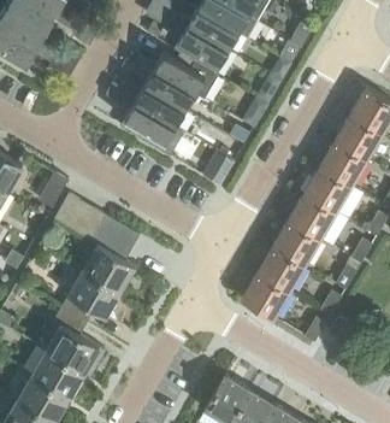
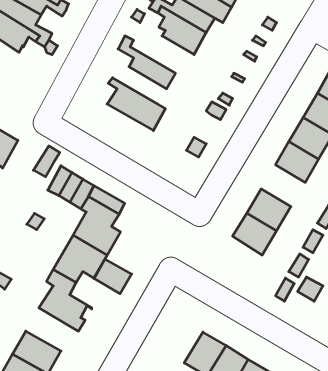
building: [146,52,218,99] -> none
building: [106,82,185,127] -> none
building: [289,193,337,239] -> none
building: [242,271,290,318] -> none
building: none -> [94,259,132,294]
building: [31,349,84,396] -> none

